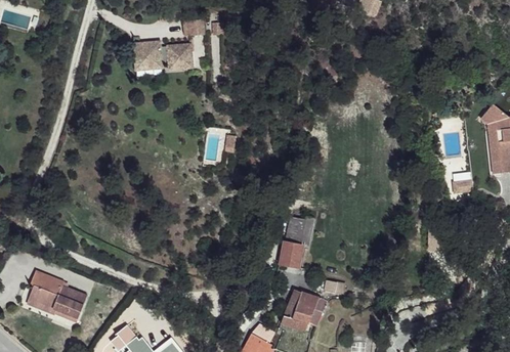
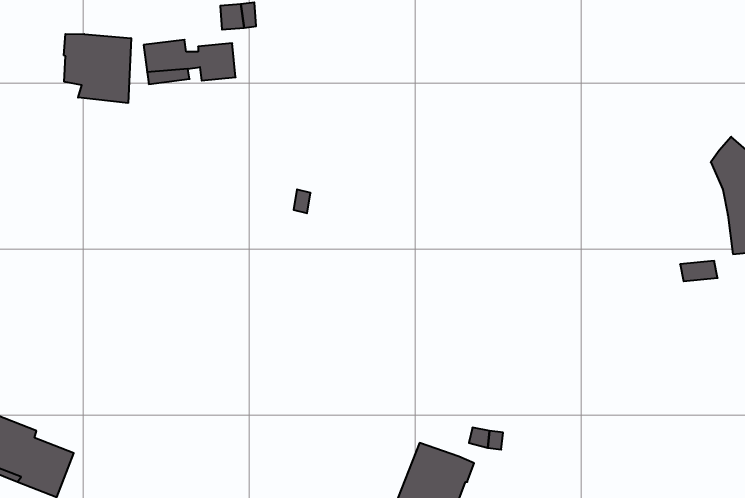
building: none -> [64,34,131,103]
building: [280,216,315,268] -> none

